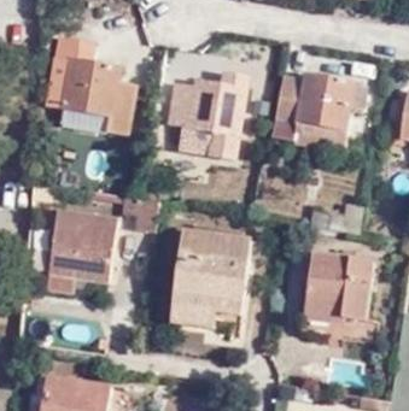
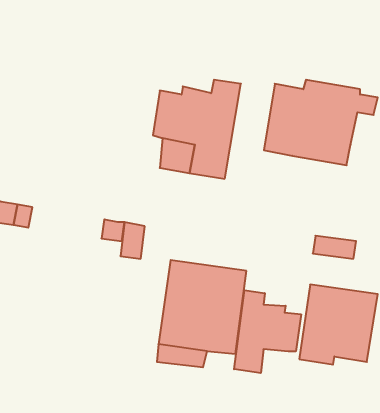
building: [53,36,134,139] -> none
building: [49,211,116,281] -> none
building: none -> [234,290,301,373]

